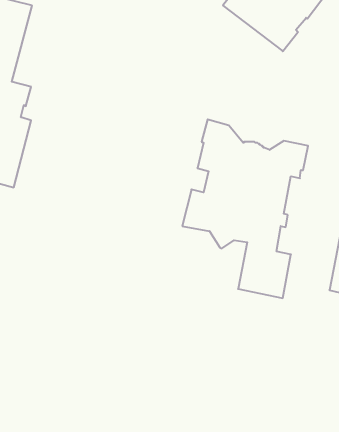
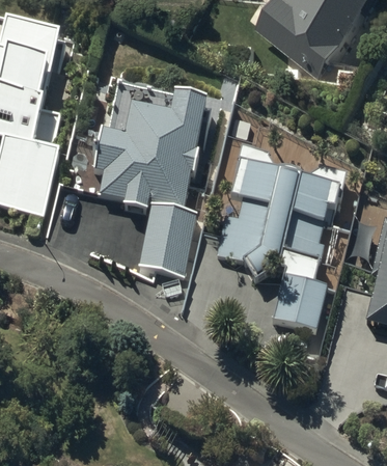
building: none -> [92,91,204,274]

